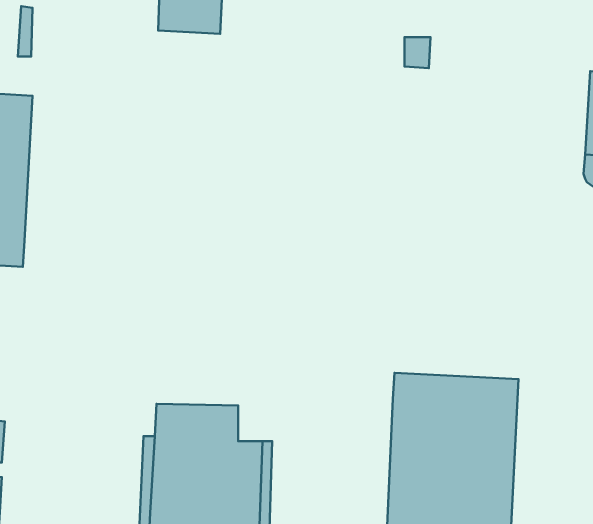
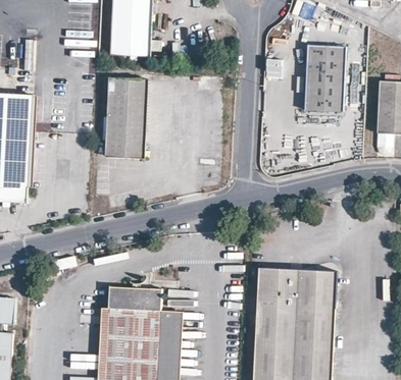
building: none -> [304,45,344,110]
building: none -> [104,77,147,158]

